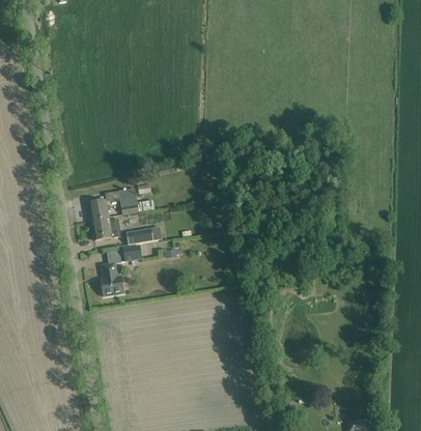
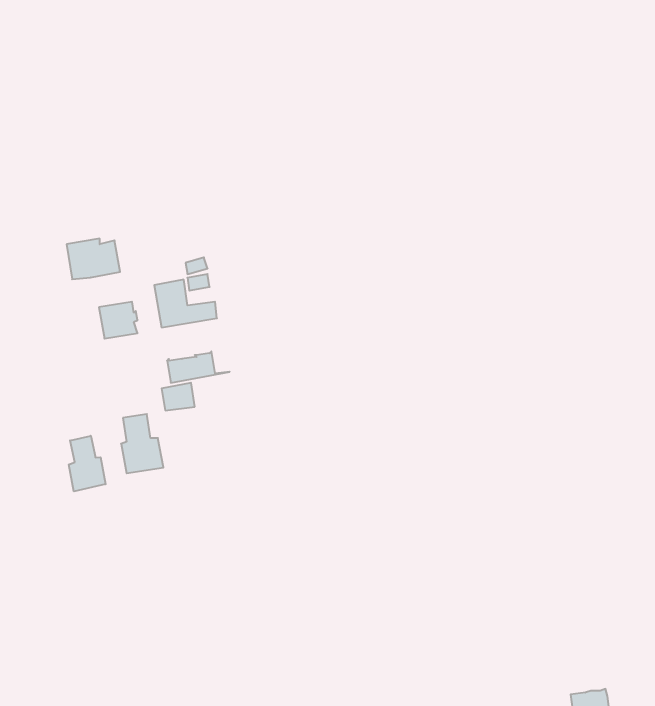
building: [91,217,121,239] -> [67,239,120,279]
building: none -> [69,436,106,491]

